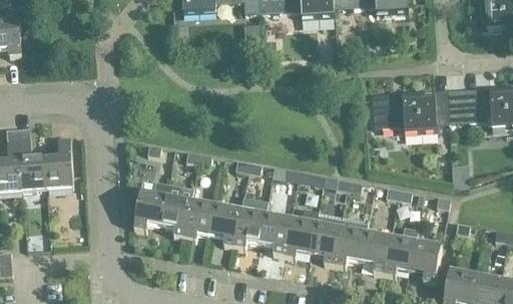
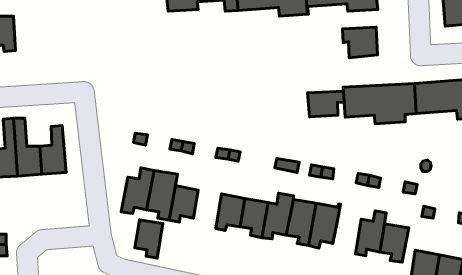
building: none -> [343,27,377,58]
building: none -> [308,91,344,117]
building: [210,205,240,246] -> [135,220,163,258]
building: [360,232,390,273] -> none

